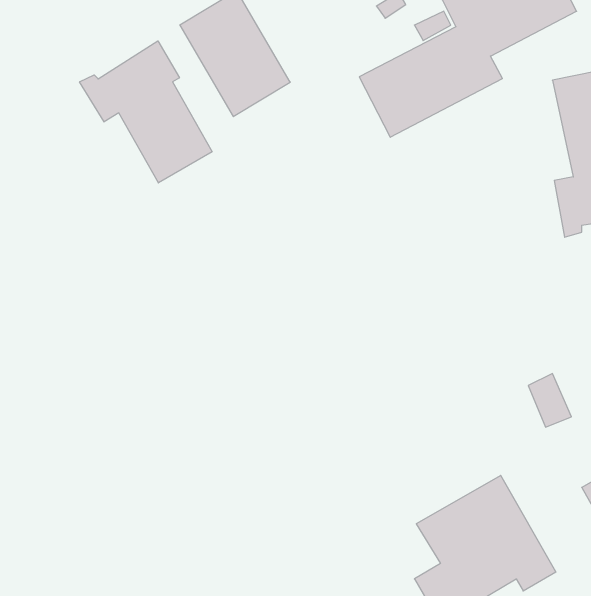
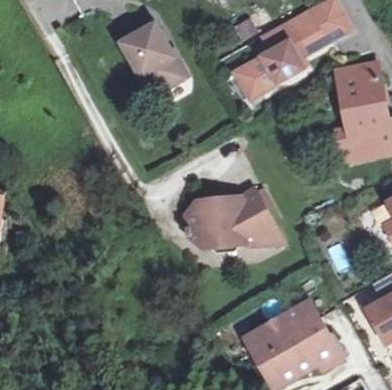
building: [80,41,212,183] -> none
building: none -> [185,184,285,243]

